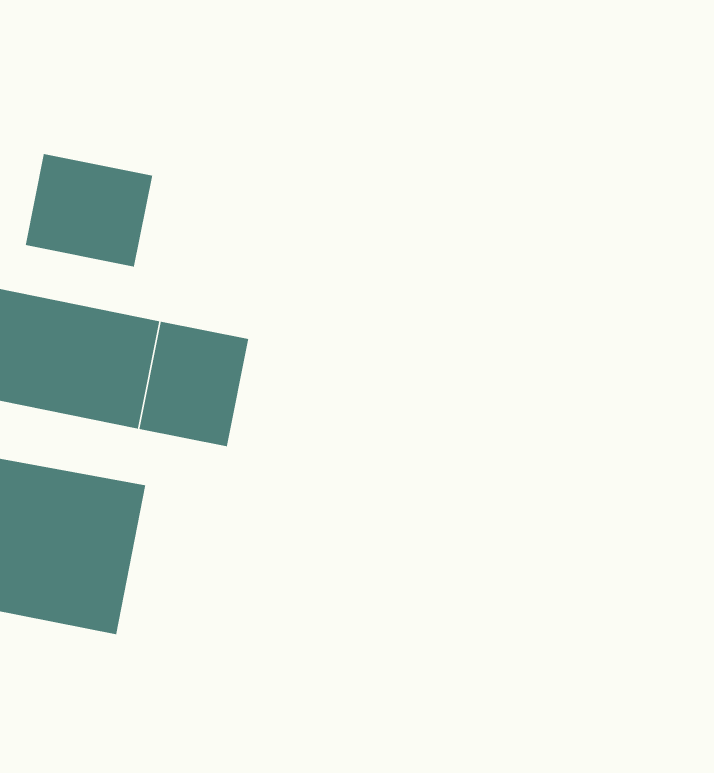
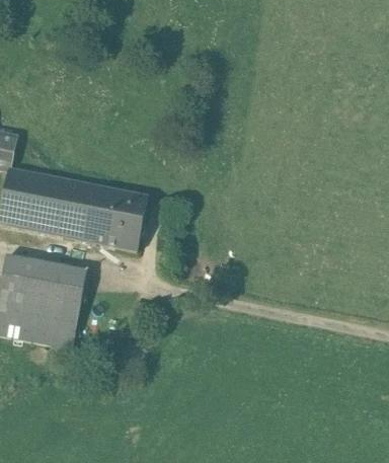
building: [25,153,153,268] -> none

